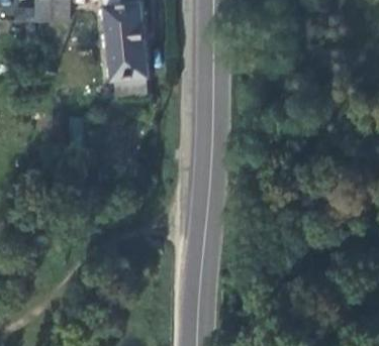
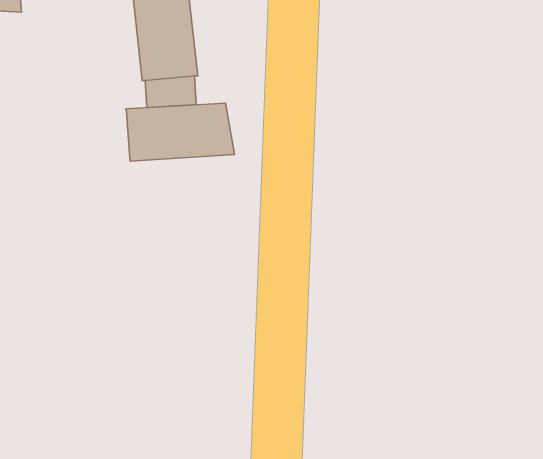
building: none -> [126,103,235,161]

